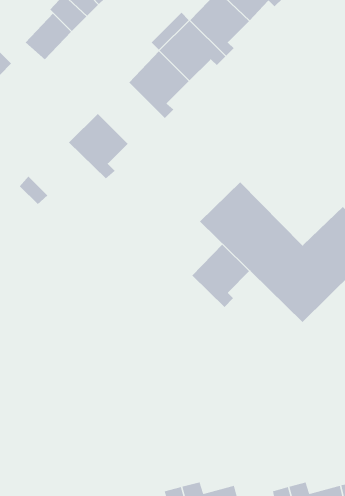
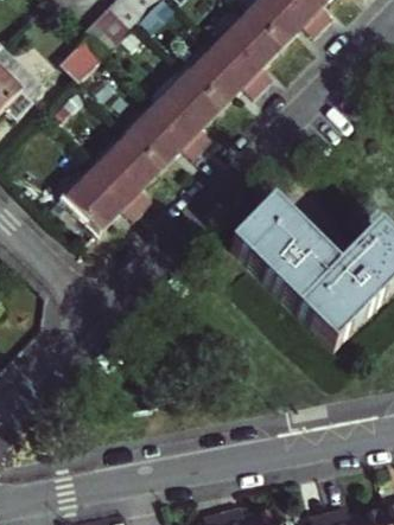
building: none -> [129,107,197,168]
building: none -> [61,159,138,229]
building: [191,244,250,308] -> none

